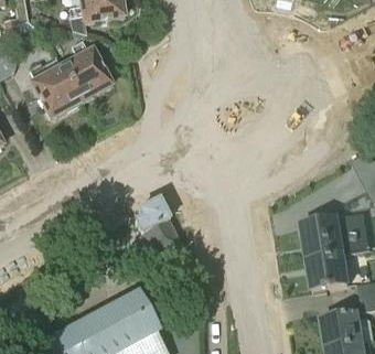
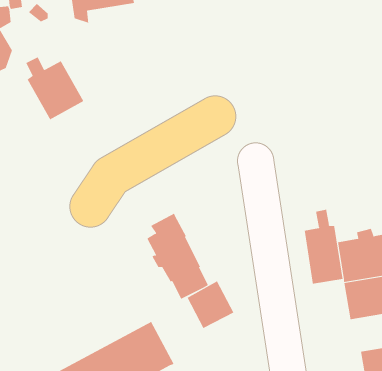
building: [60,36,110,100] -> none
building: none -> [304,209,343,285]
building: none -> [187,281,234,329]

